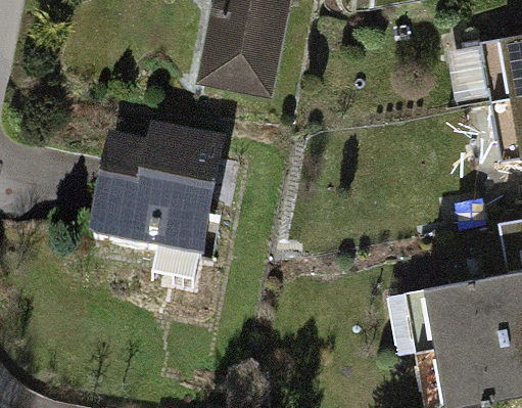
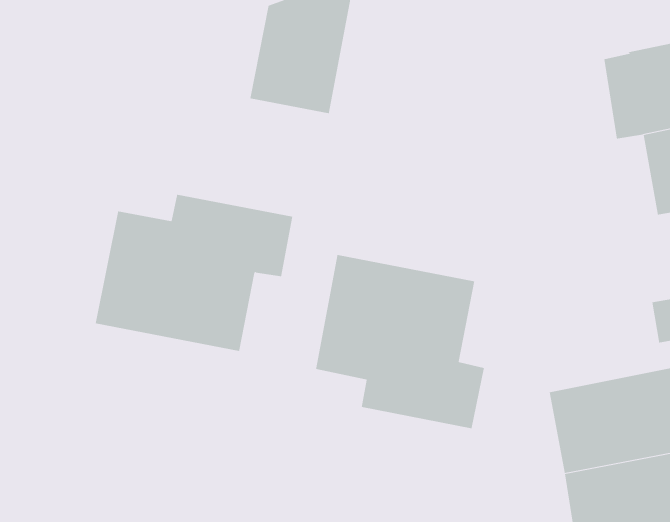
building: none -> [315,254,484,429]

